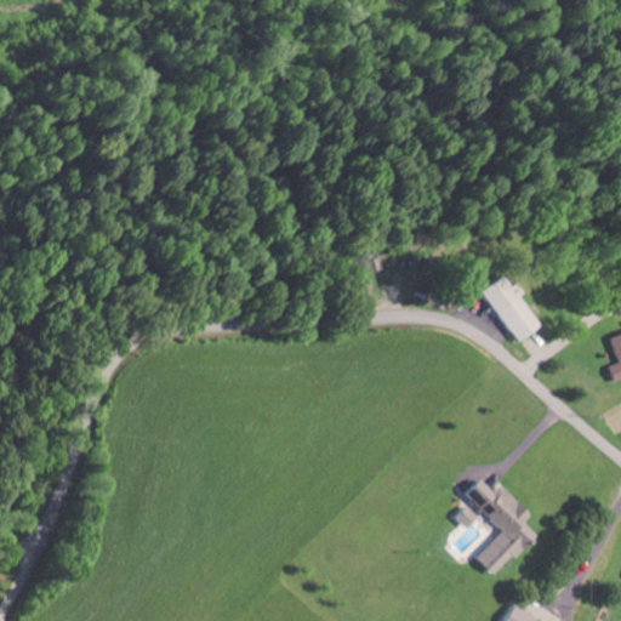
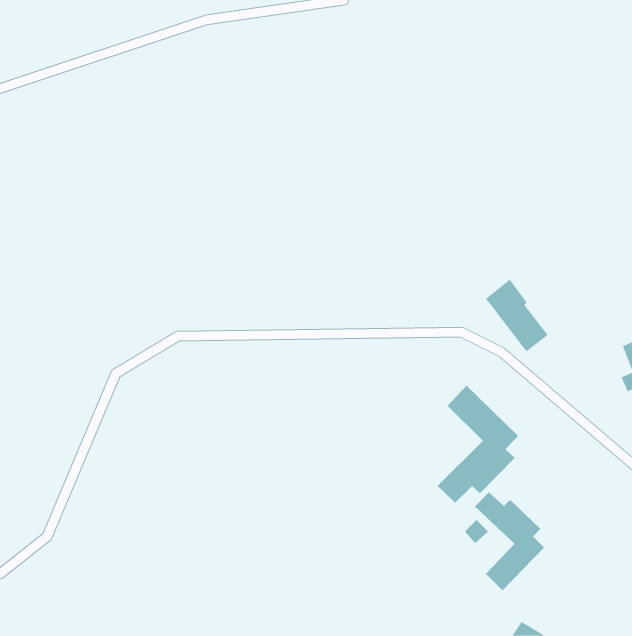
building: none -> [437,385,519,503]

